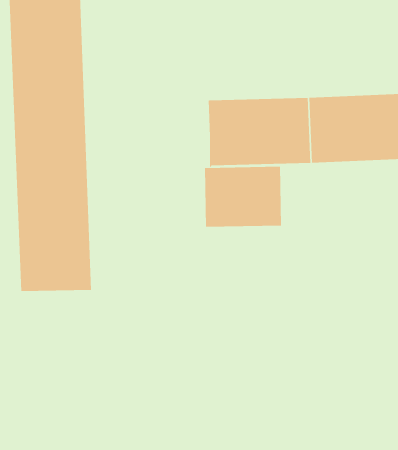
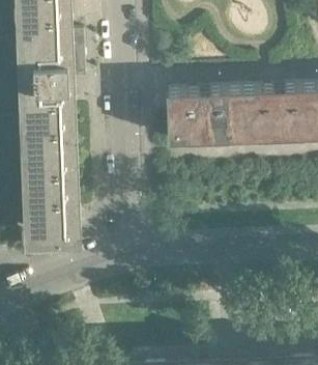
building: [204,166,282,228] -> none

